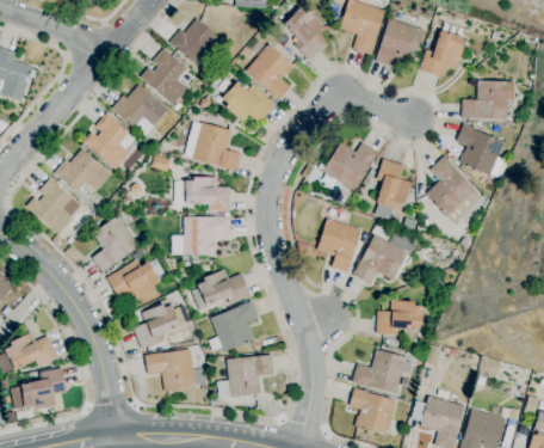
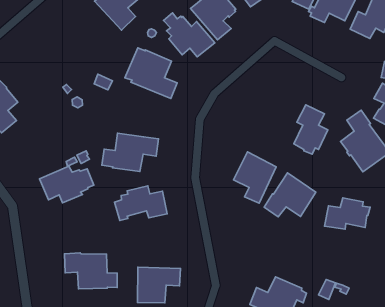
building: [112,84,169,135] -> none
building: [84,112,136,168] -> none
building: [323,142,379,190] -> none
building: [55,148,112,200] -> none
building: [175,177,230,211] -> none
building: [93,214,141,272] -> none
building: [134,297,181,349] -> none
building: [209,300,259,351] -> none
building: [377,300,424,333] -> [324,198,370,229]

